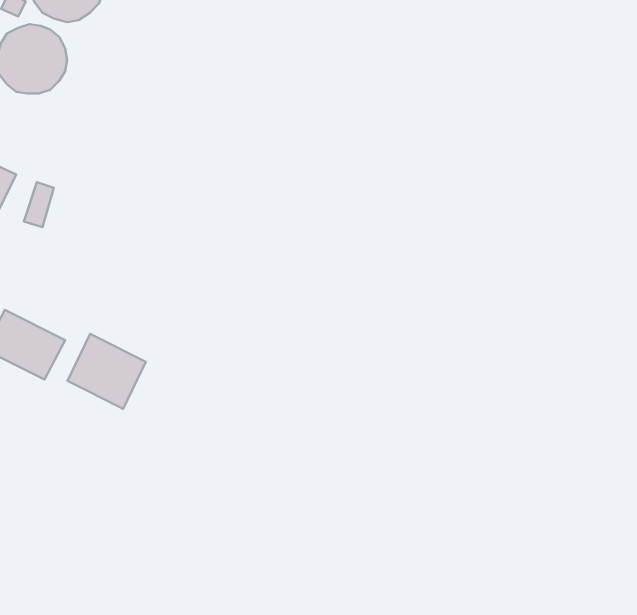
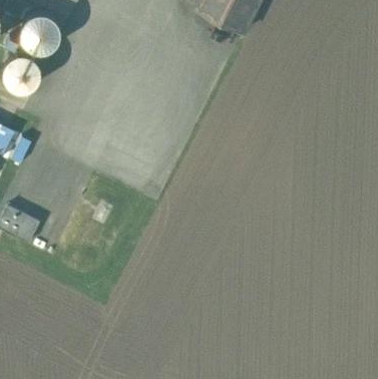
building: [67,334,146,409] -> none

